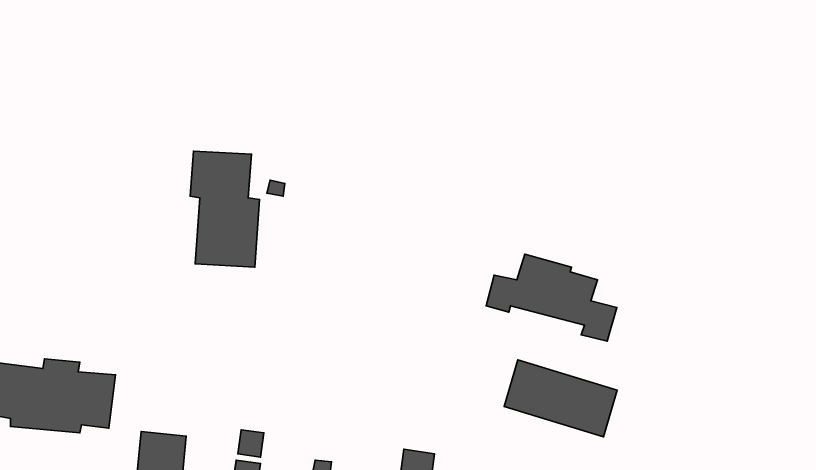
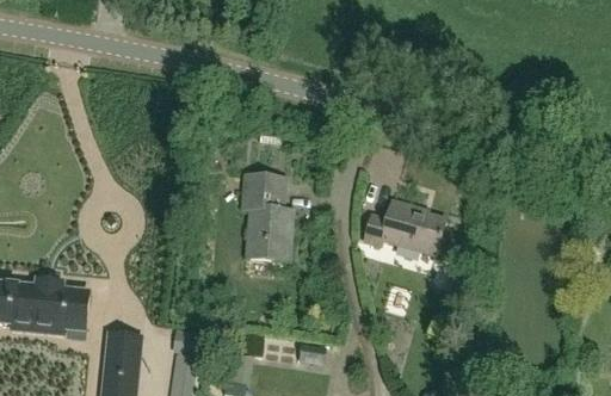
building: [190,151,260,267] -> [242,174,294,260]
building: [504,360,617,437] -> none

